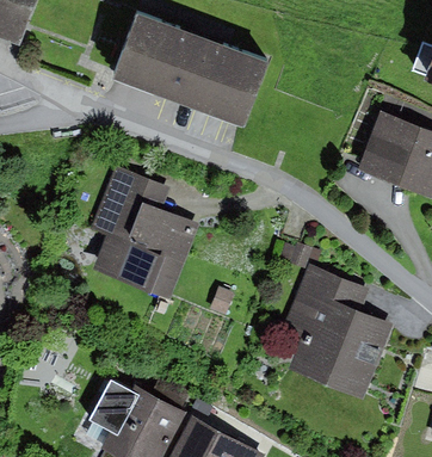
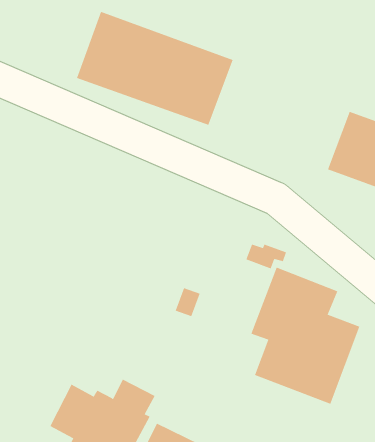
building: [90,163,197,298] -> none

